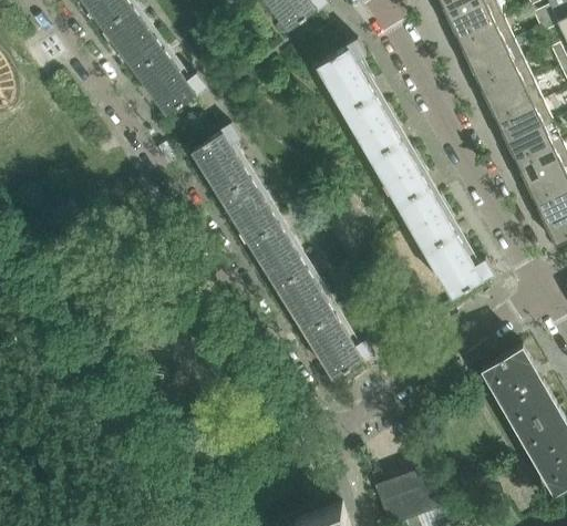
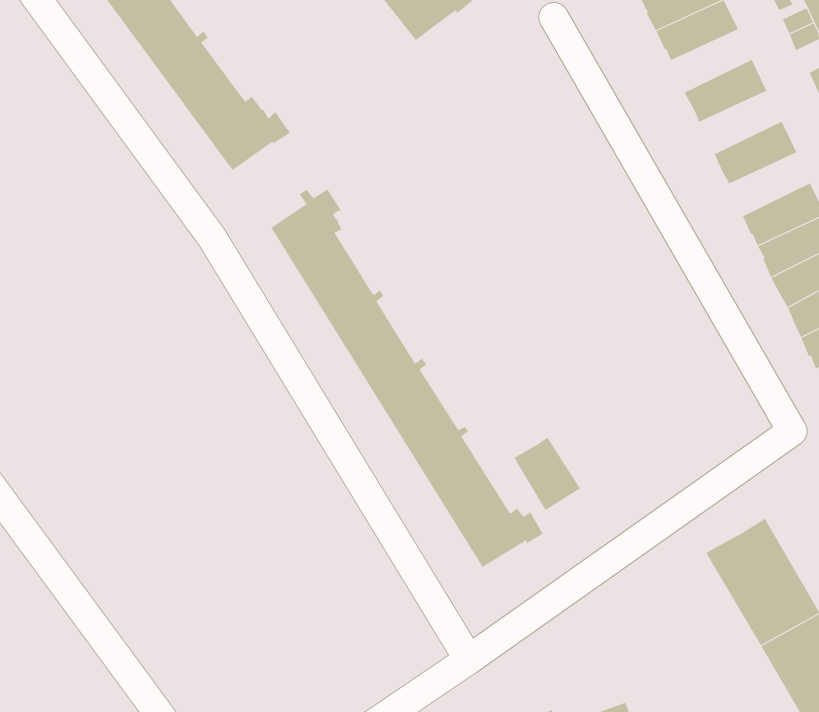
building: [457,20,512,62] -> none
building: [317,40,493,296] -> none
building: [476,61,532,103] -> none
building: [496,102,550,144] -> none
building: none -> [514,437,581,511]

